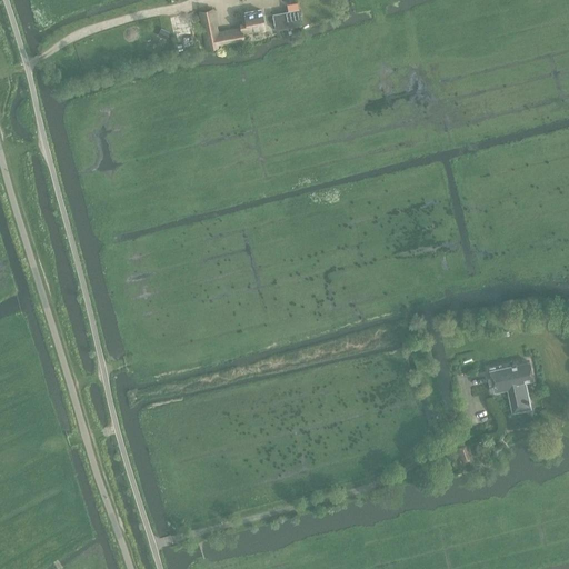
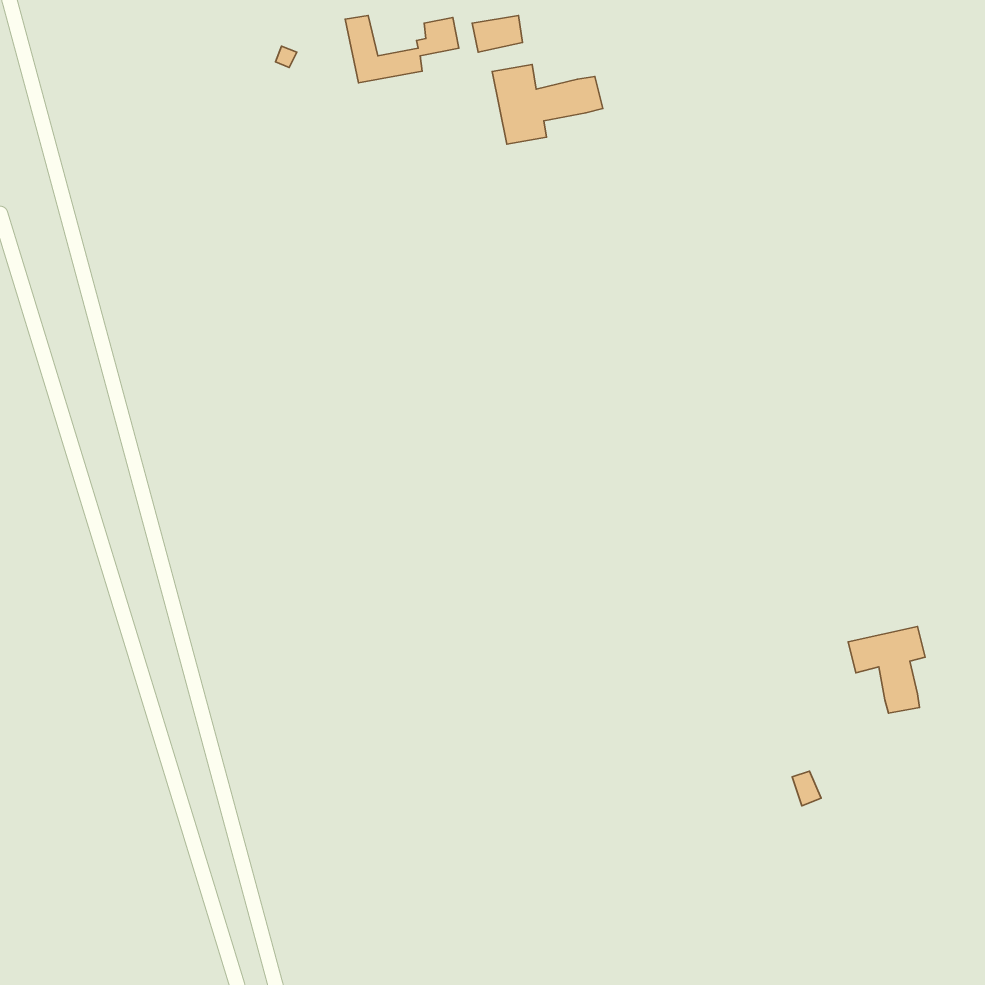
building: none -> [492,65,603,144]

